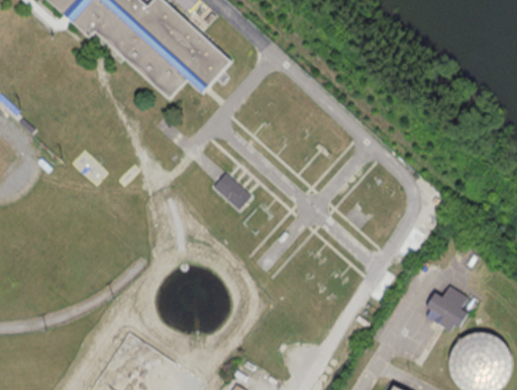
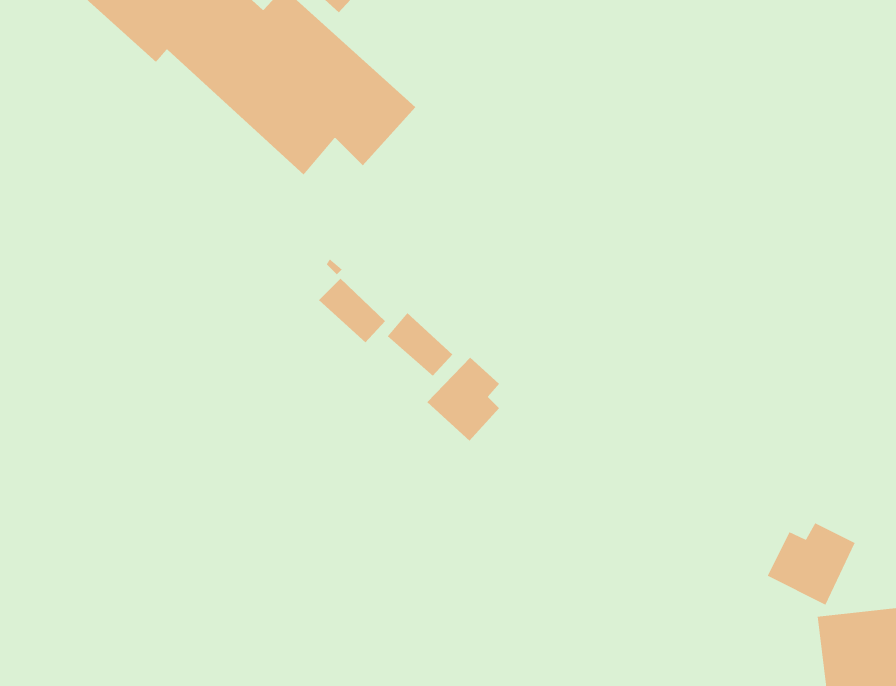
building: none -> [318,278,386,343]
building: none -> [427,357,500,441]

